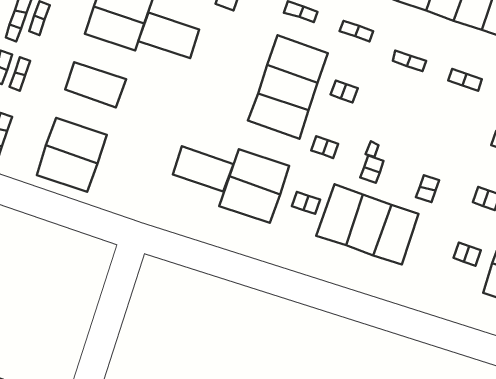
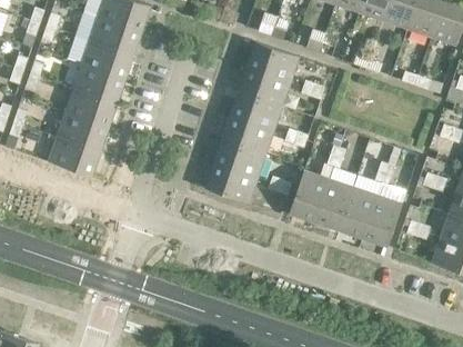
building: [138,13,199,58] -> [81,40,133,79]
building: none -> [66,88,117,127]
building: [173,146,234,191] -> [222,115,274,153]
building: none -> [362,195,402,247]

